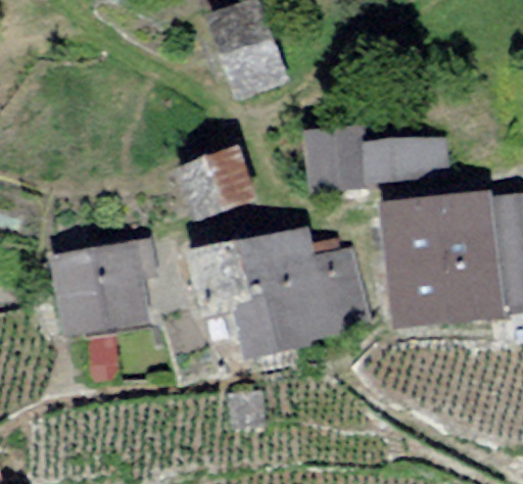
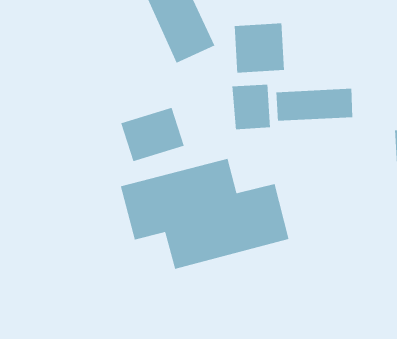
building: none -> [234,23,285,74]
building: [385,206,500,320] -> none
building: [49,245,139,327] -> none

